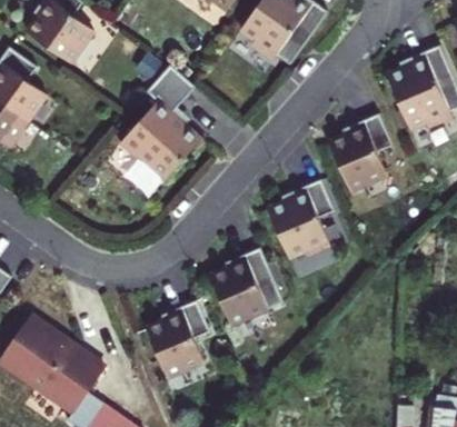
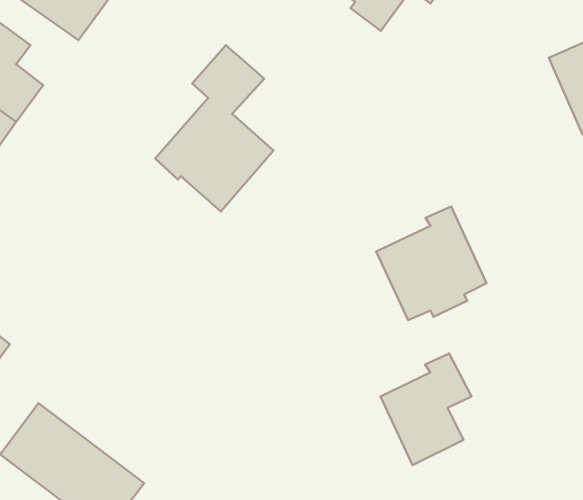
building: [329,113,393,191] -> none
building: [209,247,272,325] -> [380,353,472,465]
building: [146,298,209,377] -> none

